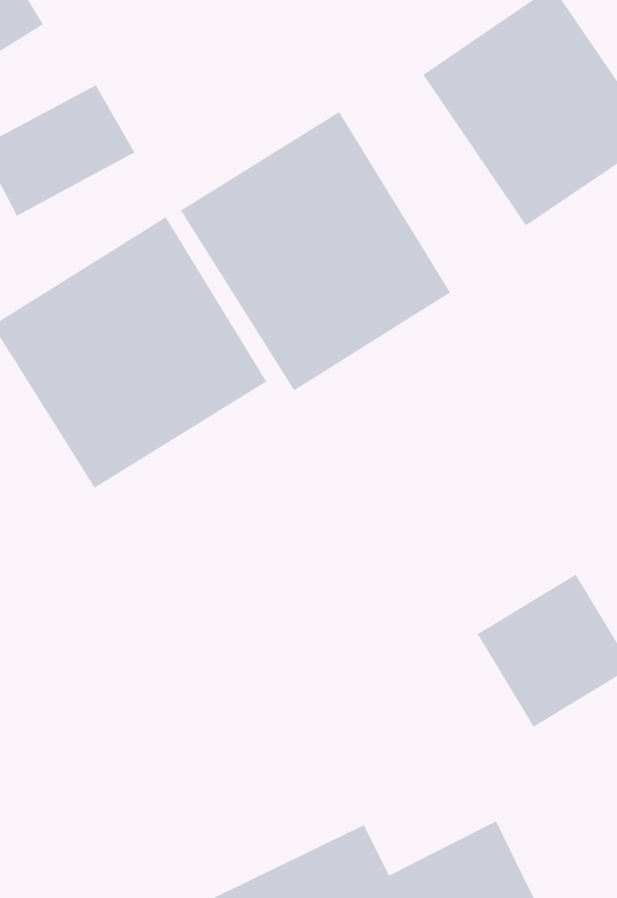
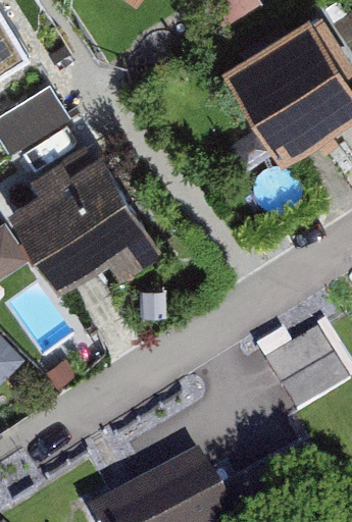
building: [180,111,451,391] -> none

